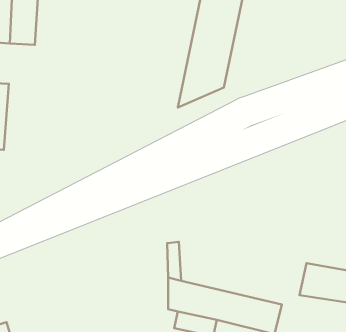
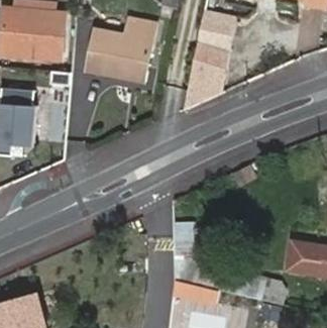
building: none -> [87,30,149,80]

